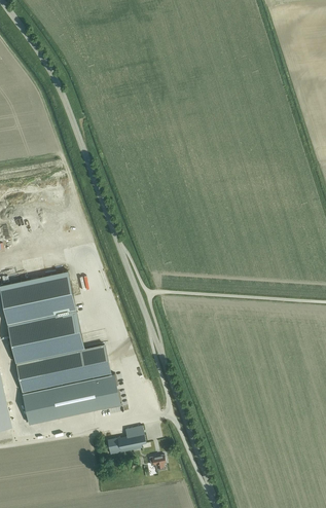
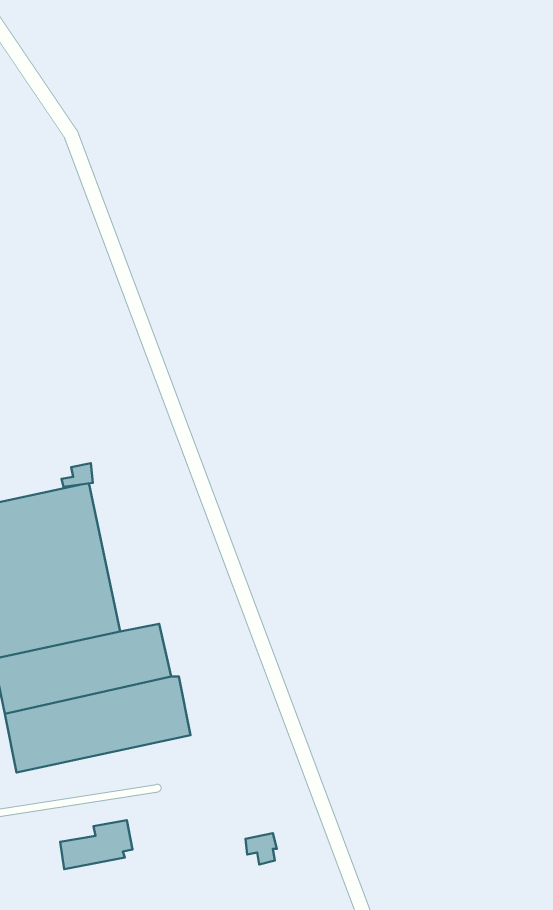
building: [107,429,145,455] -> [60,820,133,869]

